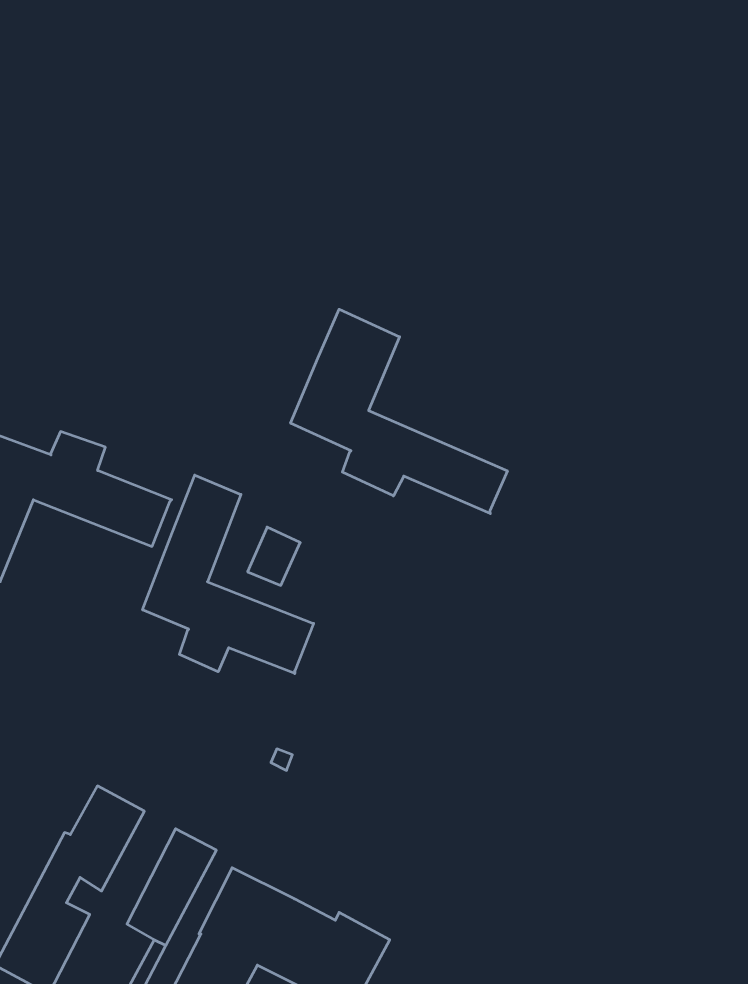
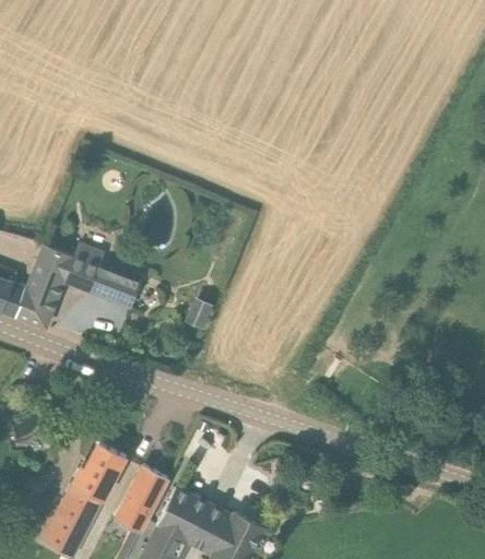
building: [291,309,507,514] -> none
building: [143,475,314,674] -> none

